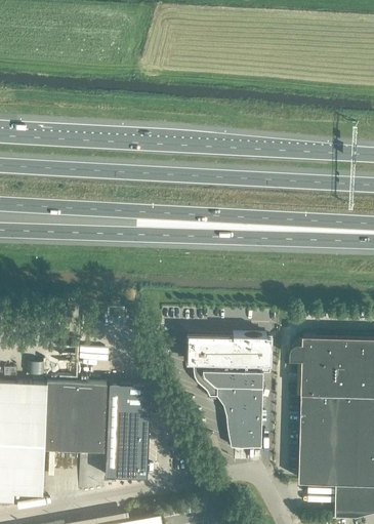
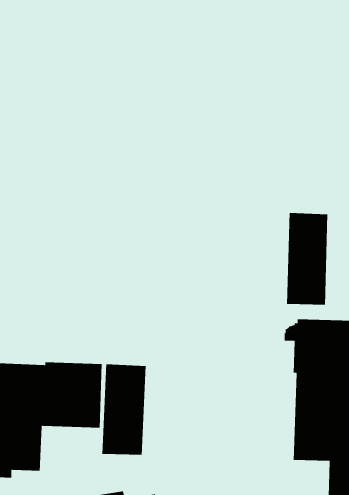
building: none -> [286,212,328,305]
building: [186,335,271,449] -> none

